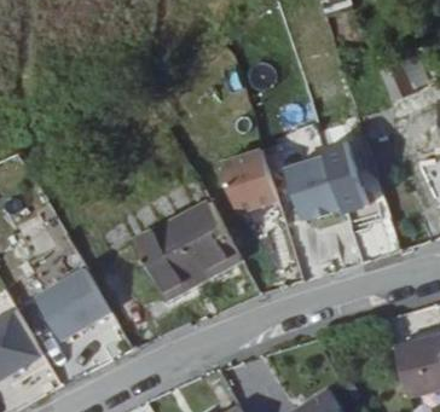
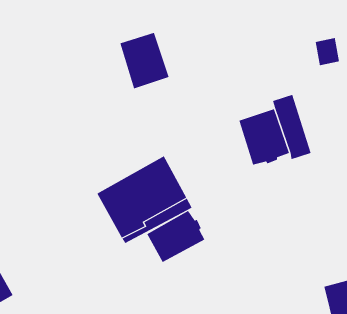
building: [228,145,284,208] -> [119,32,170,89]
building: none -> [147,210,205,263]
building: [42,274,115,346] -> none

